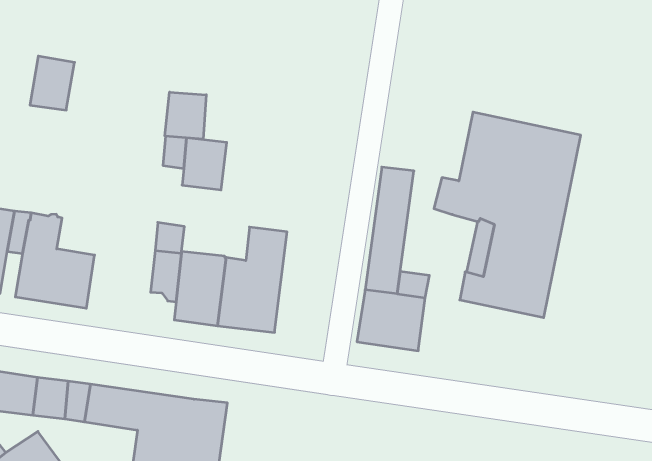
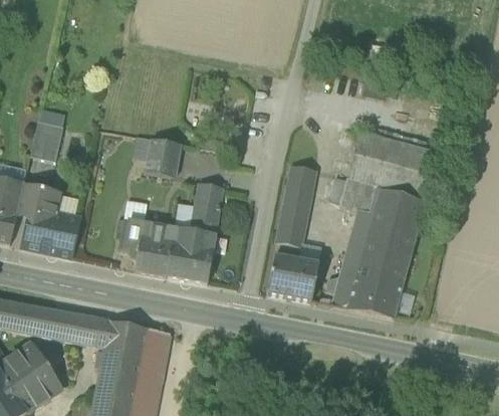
building: [30,56,75,110] -> [29,121,63,161]
building: [165,92,206,139] -> none
building: none -> [199,183,224,210]
building: none -> [327,266,403,318]

